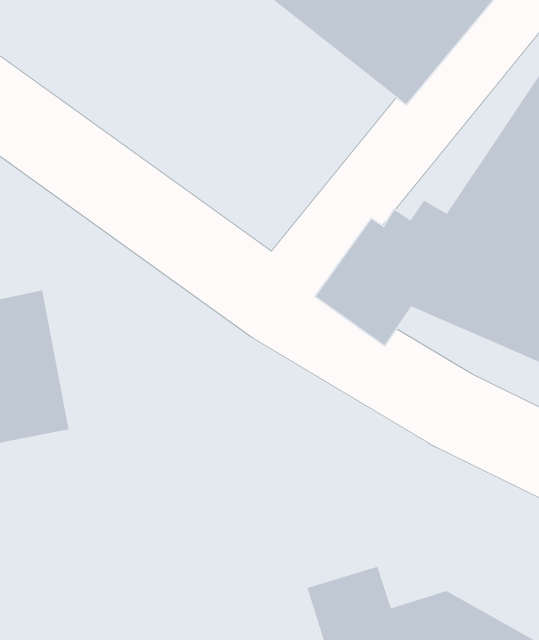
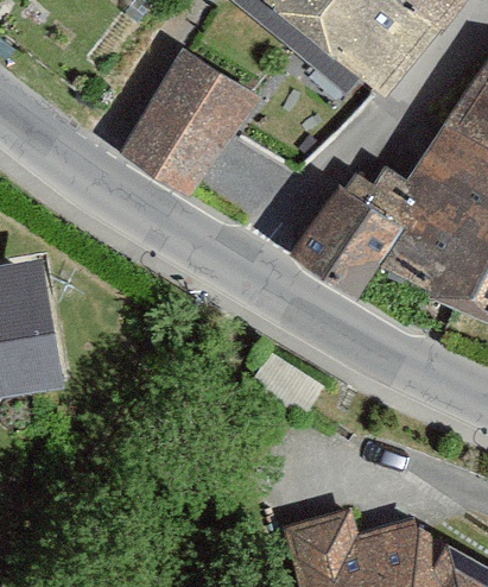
building: none -> [118,56,253,202]

